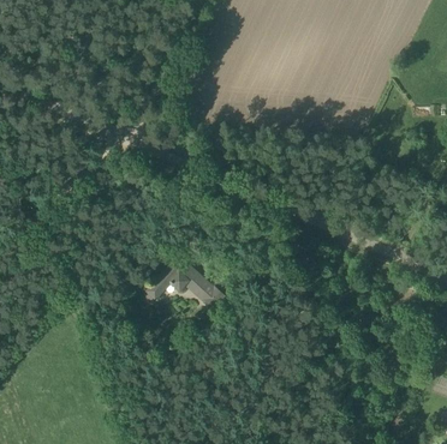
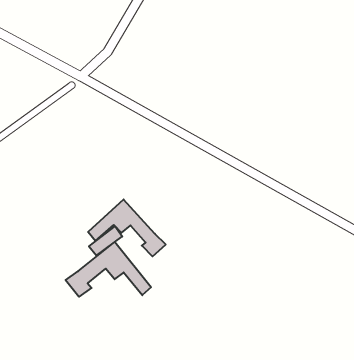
building: none -> [66,242,151,297]

